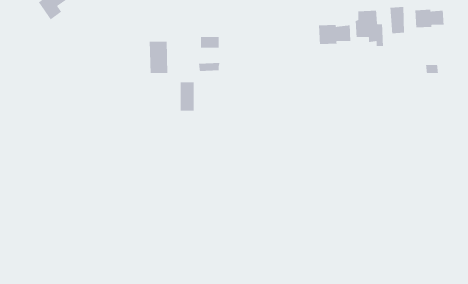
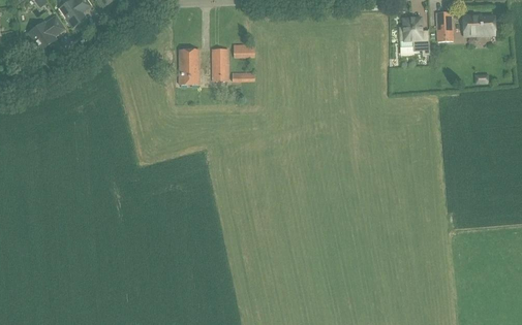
building: none -> [29,17,63,48]
building: [318,24,351,45] -> none
building: [180,82,194,112] -> [212,48,227,80]

